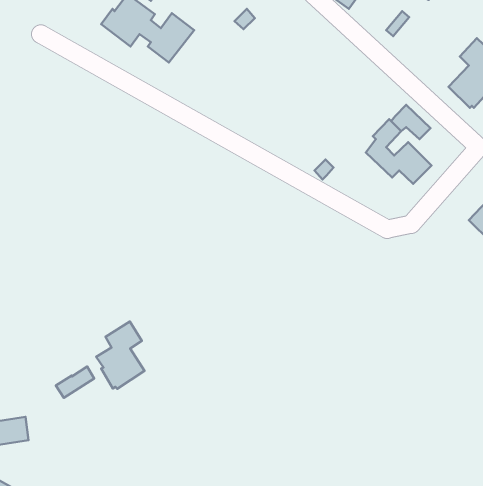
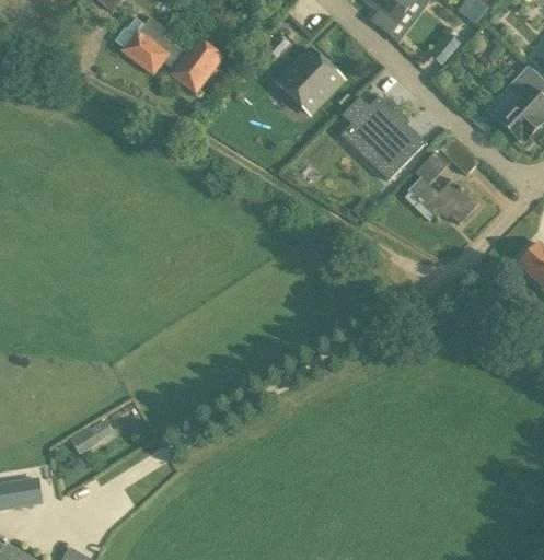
building: none -> [277,48,343,113]
building: none -> [340,95,426,180]
building: [96,321,144,389] -> none

